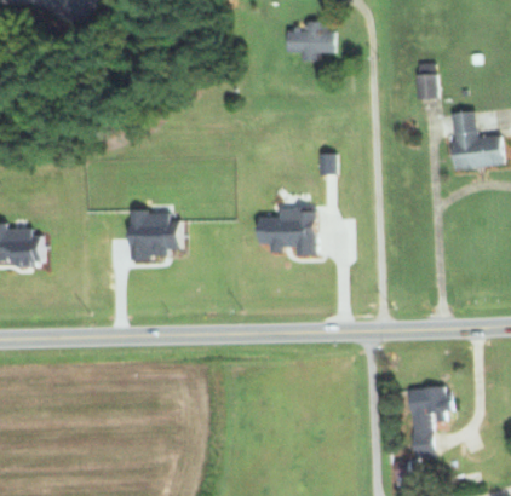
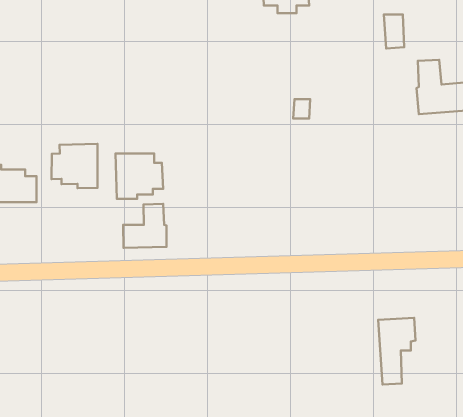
building: none -> [51,144,98,188]
building: [257,208,316,256] -> none
building: none -> [123,204,167,248]

